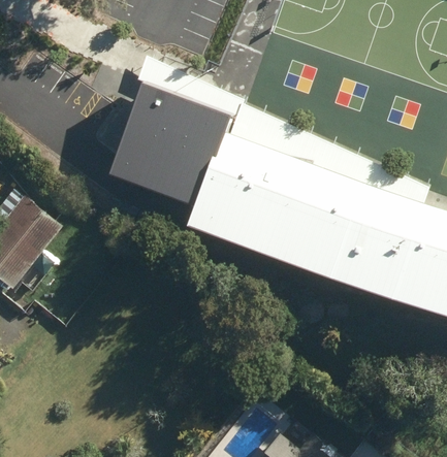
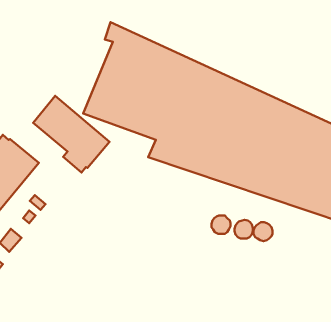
building: none -> [33,96,110,173]

